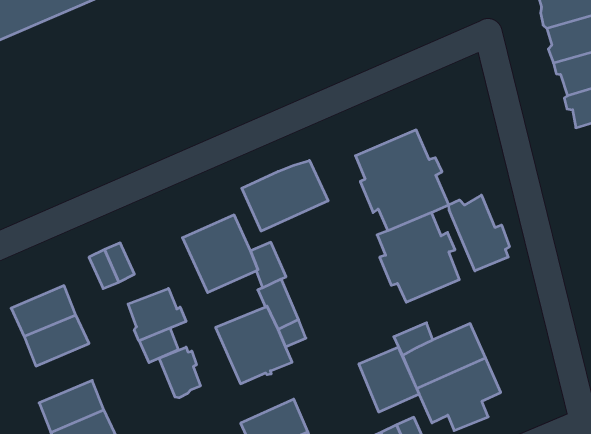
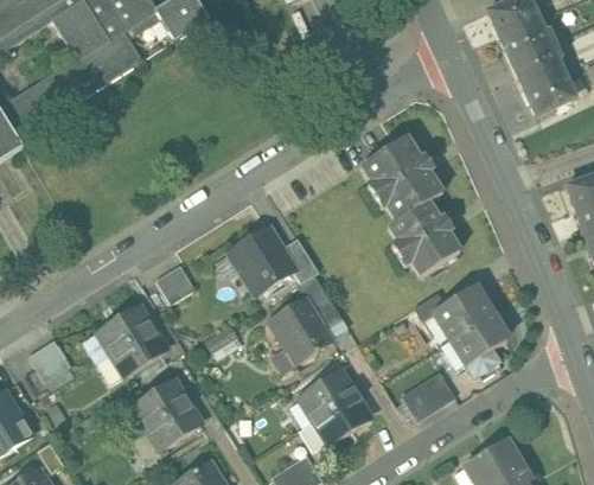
building: [242,160,328,231] -> none
building: [449,195,509,271] -> none
building: [128,288,186,341] -> none
building: [359,347,419,412] -> none
building: [159,347,200,398] -> none

